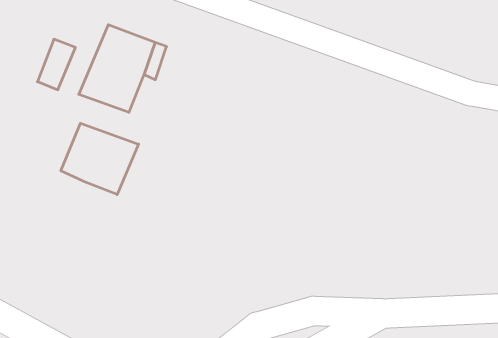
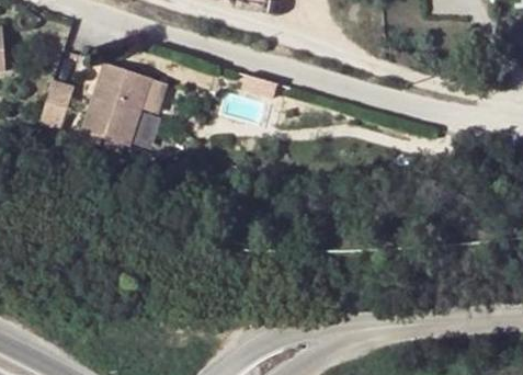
building: [61,123,139,195] -> none

